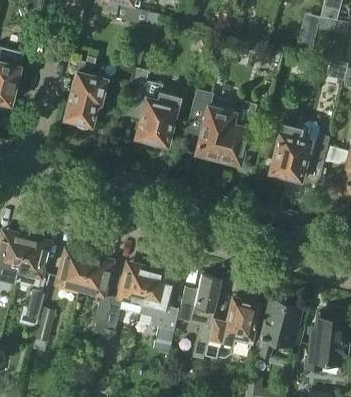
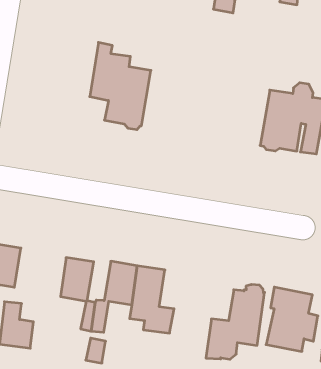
building: [65,56,107,128] -> none
building: [186,89,258,166] -> none
building: [57,249,89,289] -> none
building: [178,274,222,359] -> none

